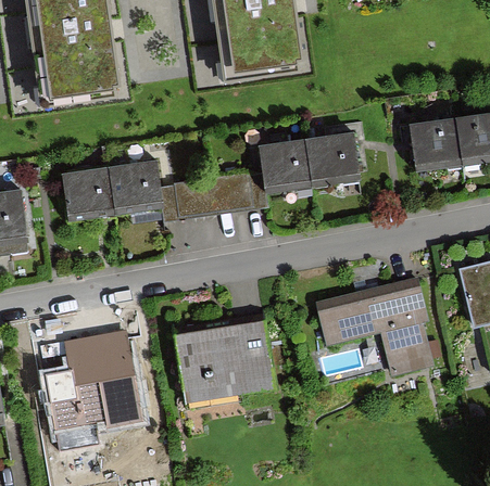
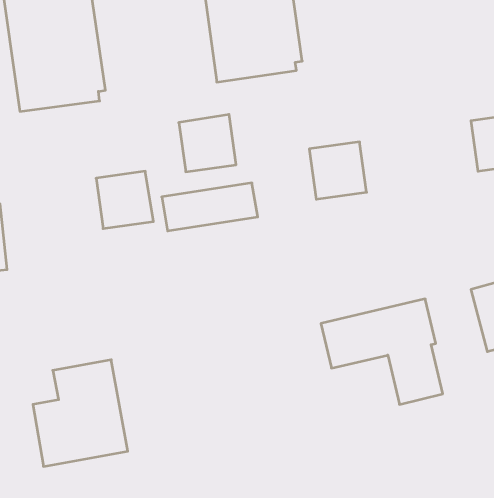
building: [412,114,465,167] -> none
building: [262,140,315,193] -> [179,114,236,172]
building: [64,167,117,220] -> none
building: [177,317,275,405] -> none

